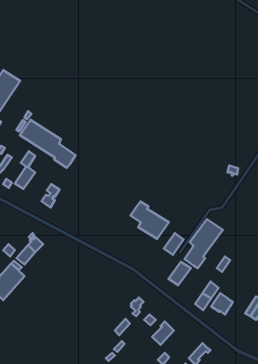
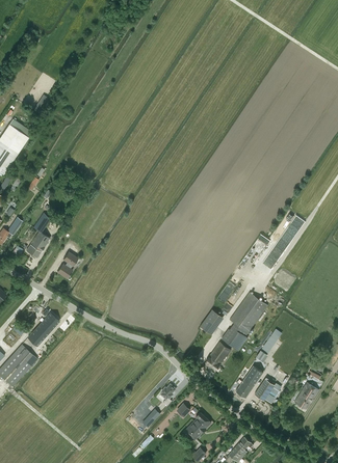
building: [20,120,76,168] -> none
building: [131,202,169,239] -> none

